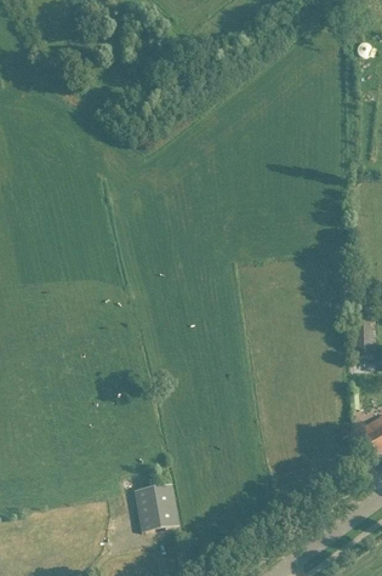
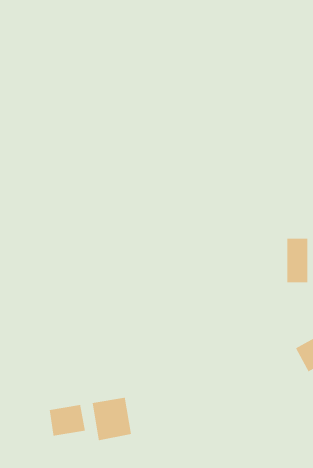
building: none -> [49,404,85,437]

